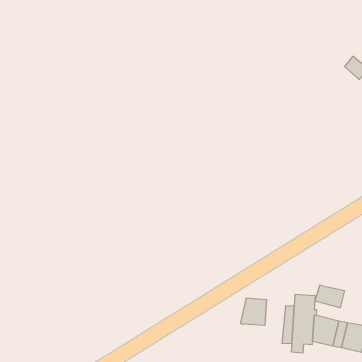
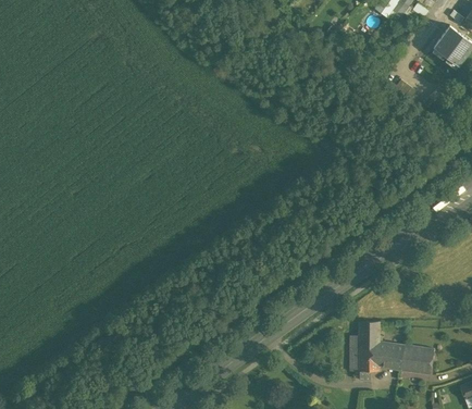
building: [315,285,344,308] -> none
building: [241,298,267,325] -> none

